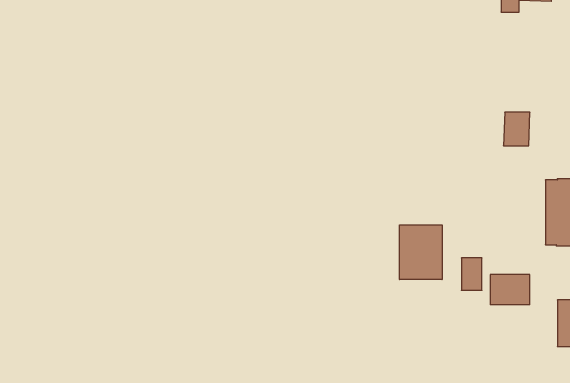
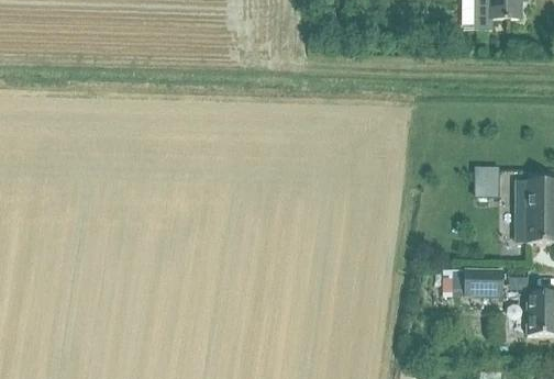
building: [503,112,530,146] -> [474,165,498,196]
building: [400,225,442,280] -> none

